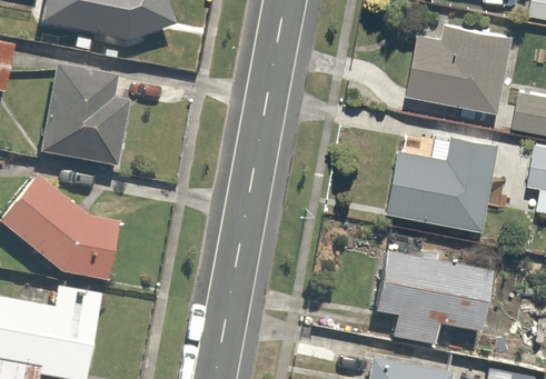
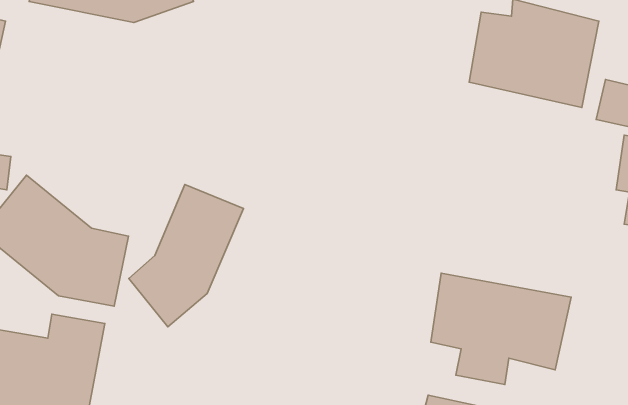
building: [34,66,131,170] -> none
building: [389,138,498,231] -> none
building: none -> [129,185,244,327]

